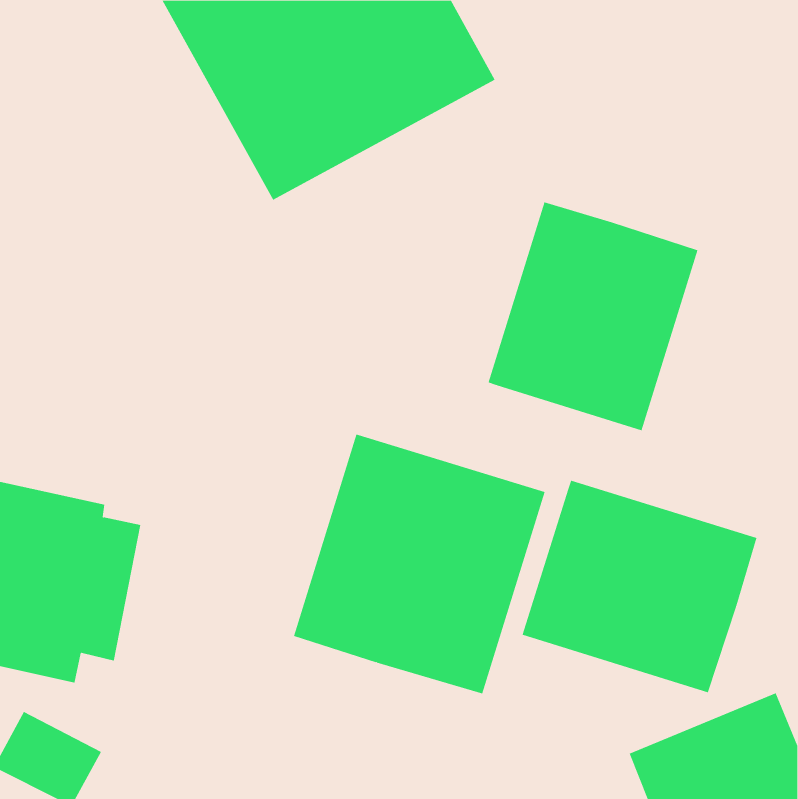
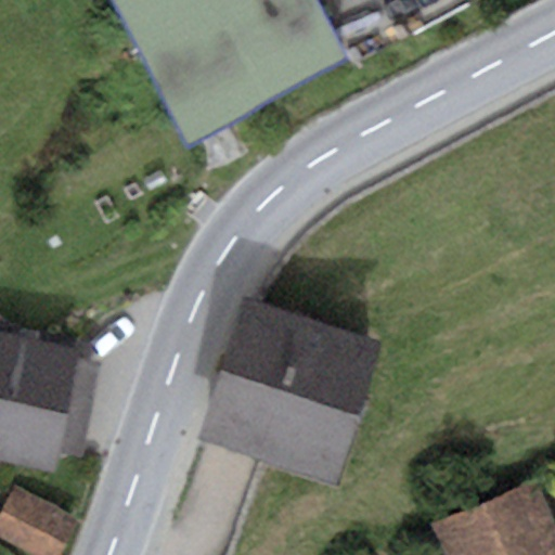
building: [488,201,698,431] -> none
building: [522,480,757,693] -> none

